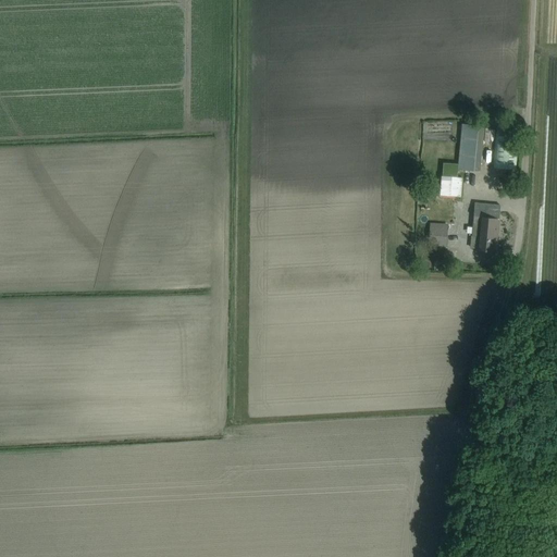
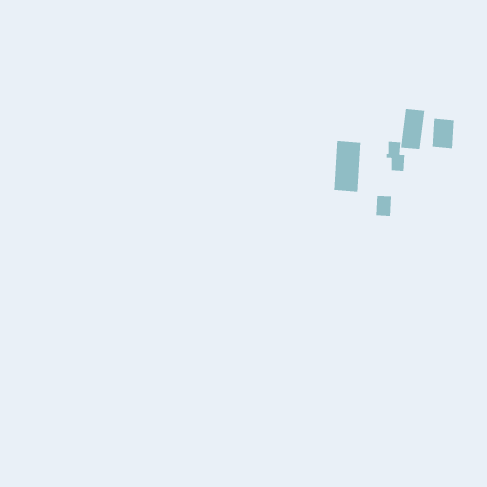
building: none -> [334,140,361,193]
building: [471,203,500,252] -> none

